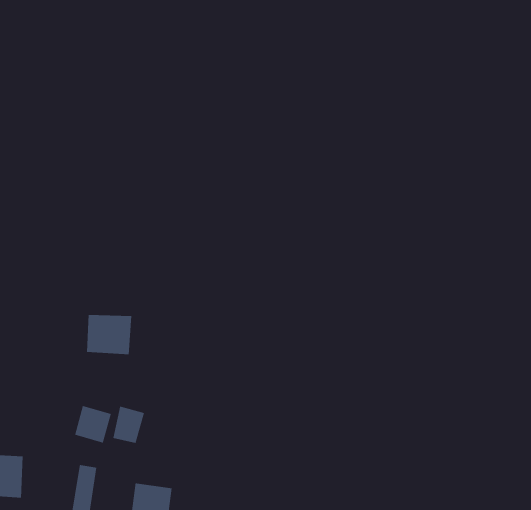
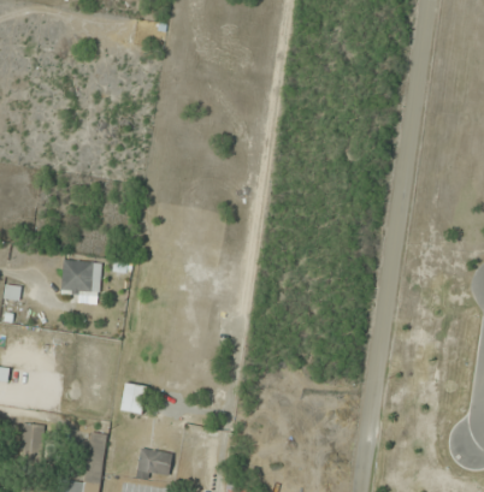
building: [86,314,132,355] -> [61,260,101,295]
building: [74,405,111,443] -> none

